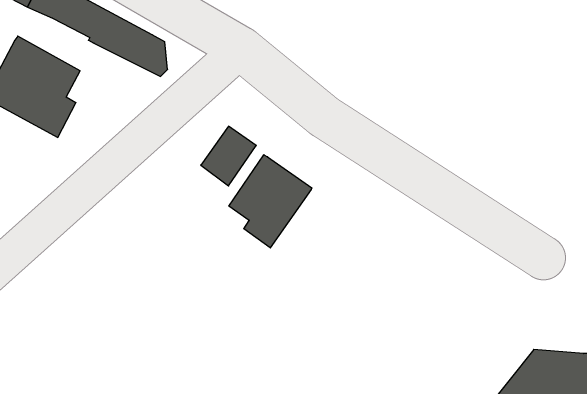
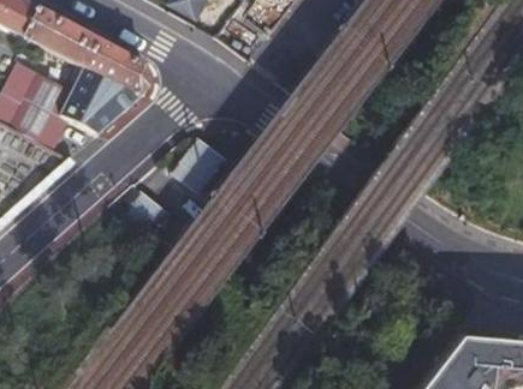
building: none -> [60,67,142,134]
building: [229,155,312,248] -> none

